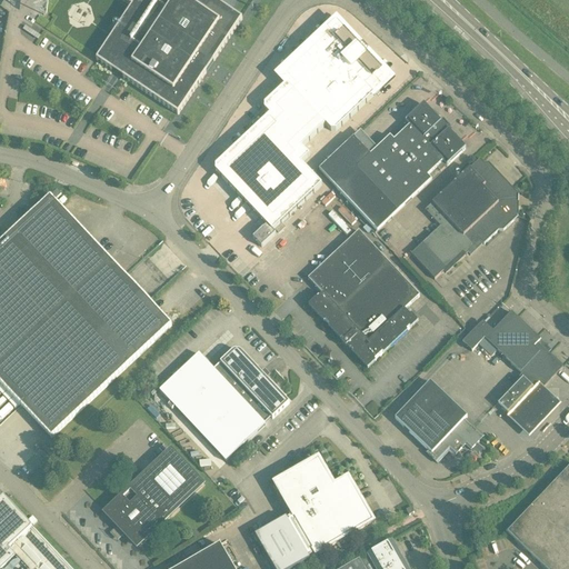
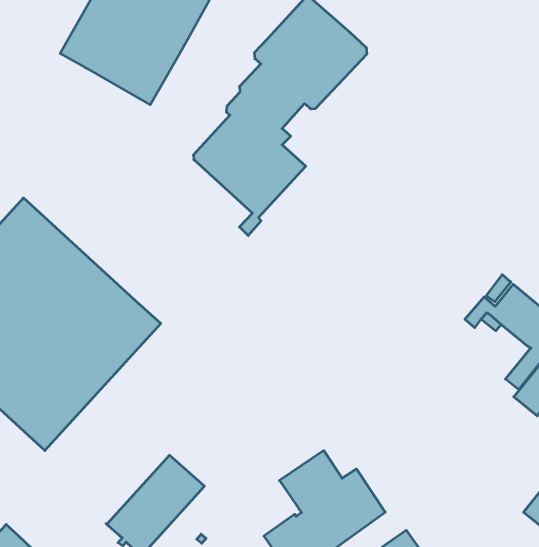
building: [318,101,465,227] -> none
building: [410,156,518,276] -> none
building: [307,227,419,363] -> none
building: [159,347,288,458] -> none
building: [395,378,482,459] -> none

